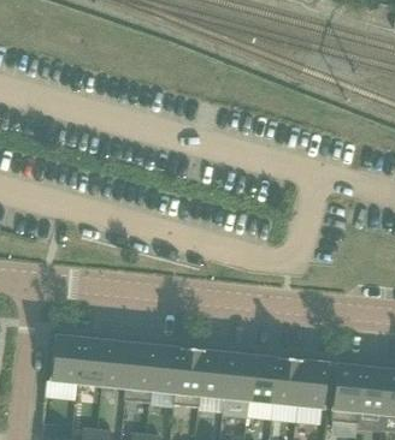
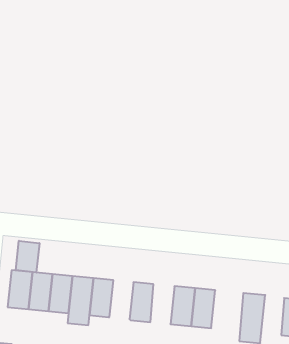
building: none -> [16,241,39,273]
building: [171,349,202,408] -> none
building: [223,353,252,402] -> none
building: [296,361,325,409] -> none
building: [356,367,384,415] -> none

